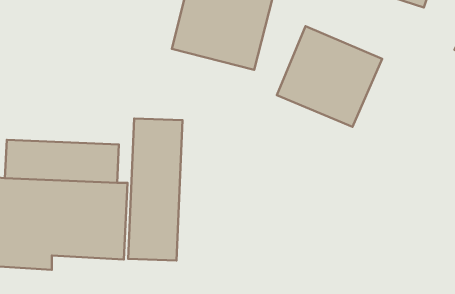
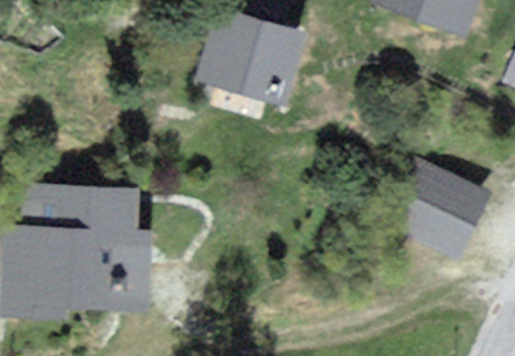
building: [277,26,382,127] -> [382,156,495,264]
building: [128,118,183,261] -> none

